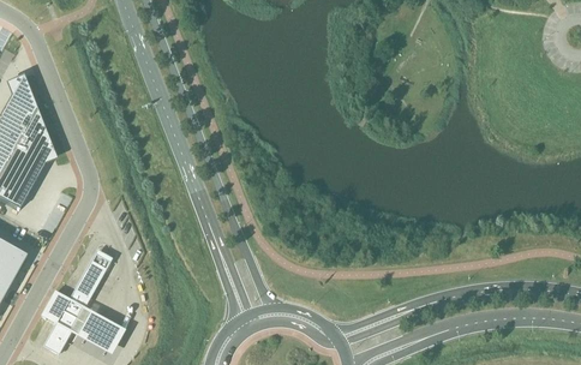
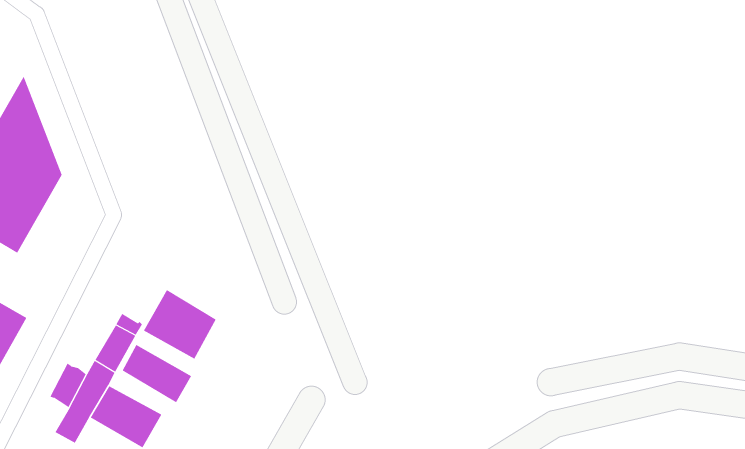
building: none -> [143,289,217,360]
building: none -> [122,344,192,403]

